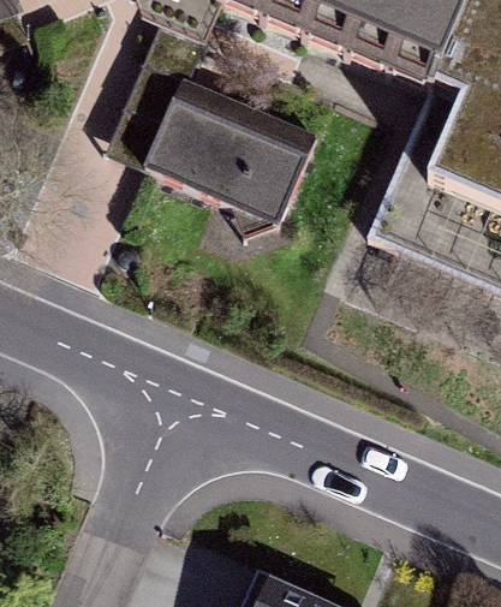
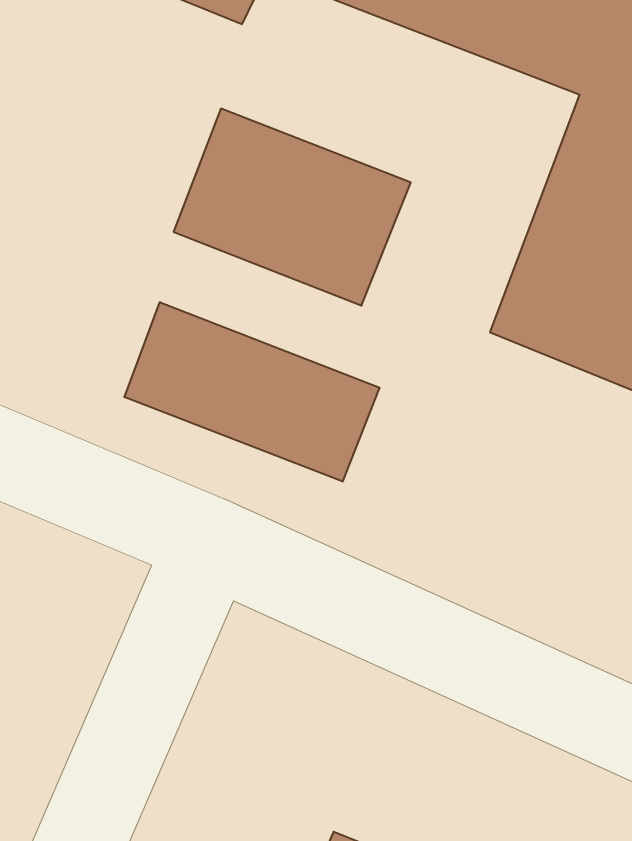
building: none -> [124,302,380,482]

